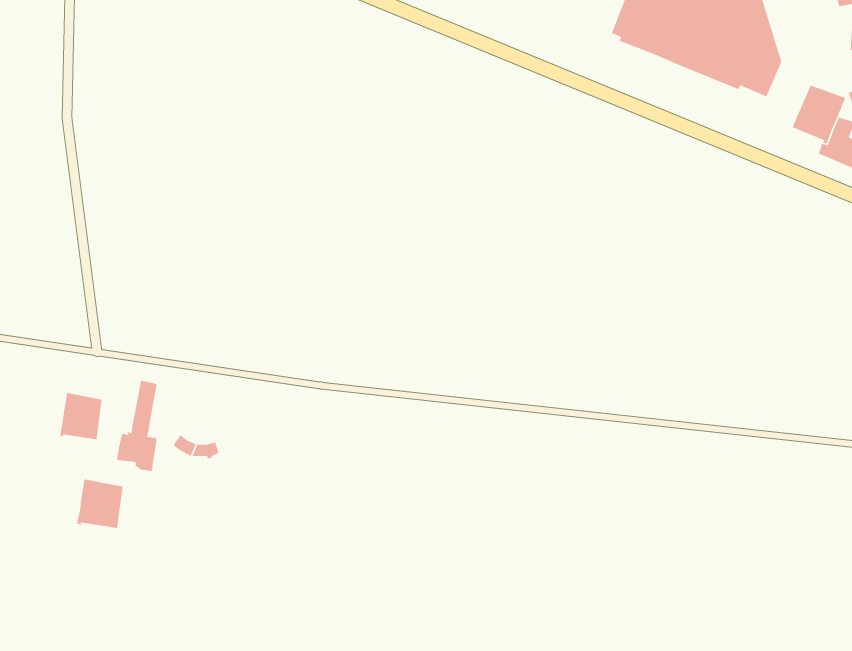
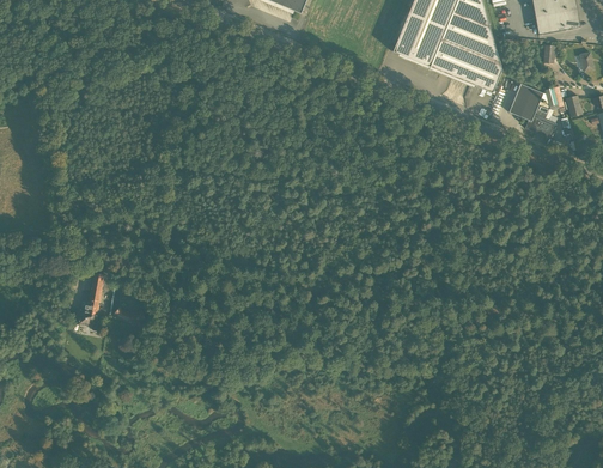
building: [59,392,102,440] -> none
building: [76,479,123,529] -> none

